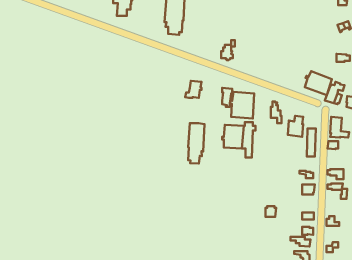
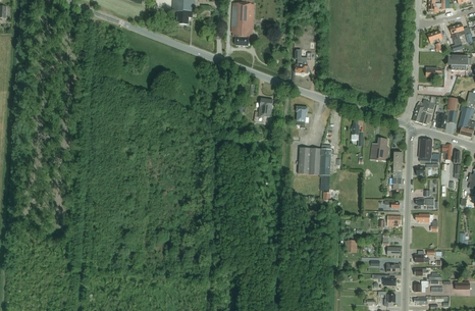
building: [305,71,332,95] -> none
building: [230,92,254,119] -> none
building: [188,123,204,164] -> none

